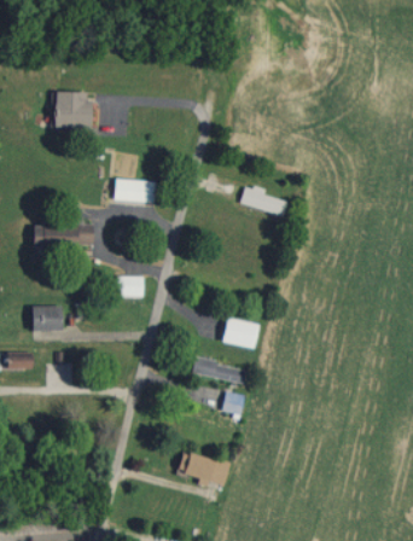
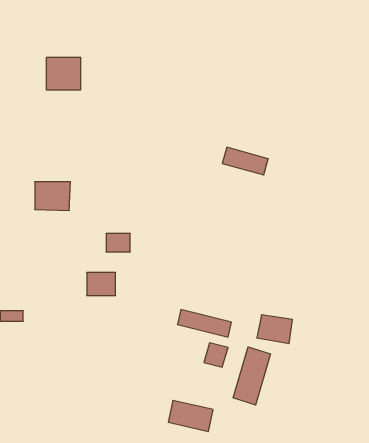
building: [115,180,155,203] -> none
building: [31,307,62,331] -> [87,273,116,296]
building: [220,319,257,349] -> [257,315,292,344]
building: none -> [233,347,271,405]

